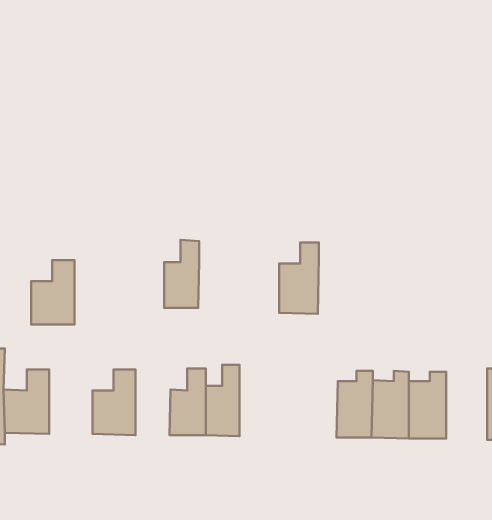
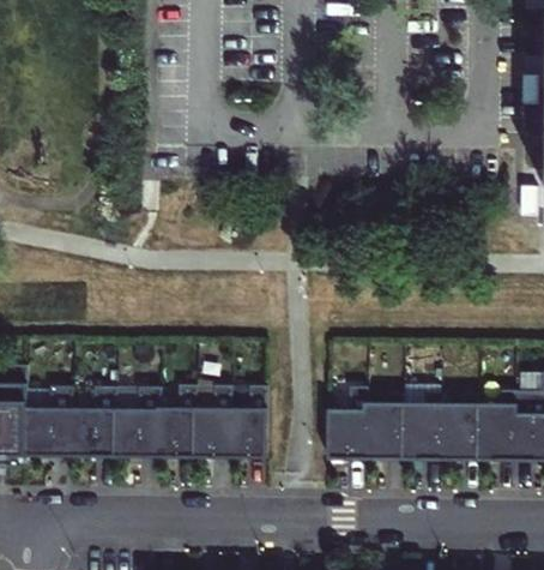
building: [164,240,199,308] -> [159,386,195,456]
building: [279,243,319,314] -> [326,385,367,458]
building: [31,260,74,324] -> [71,389,115,455]
building: none -> [478,388,520,461]

